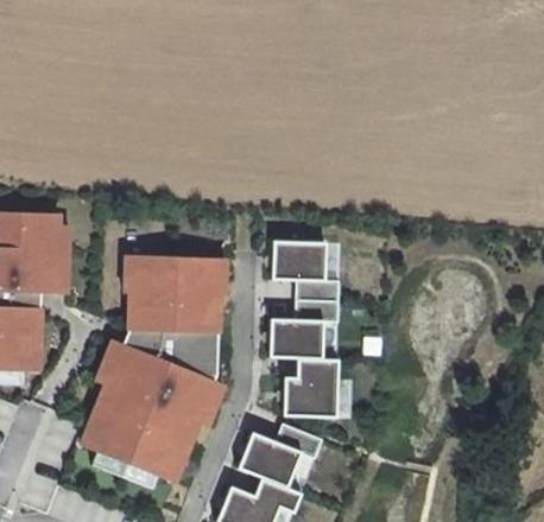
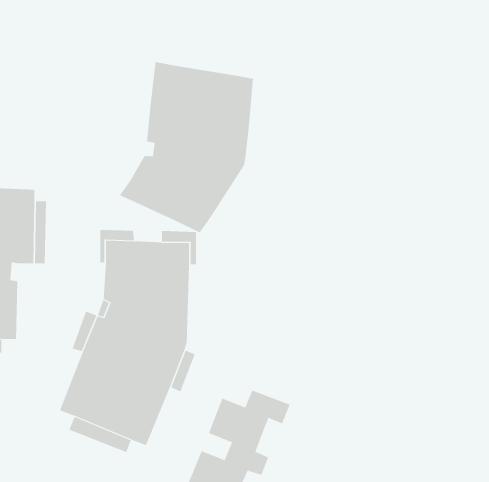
building: none -> [119,61,253,233]
building: [270,241,340,416] -> none

